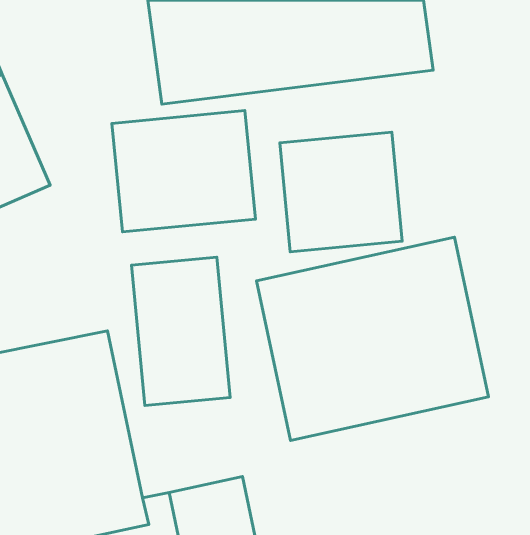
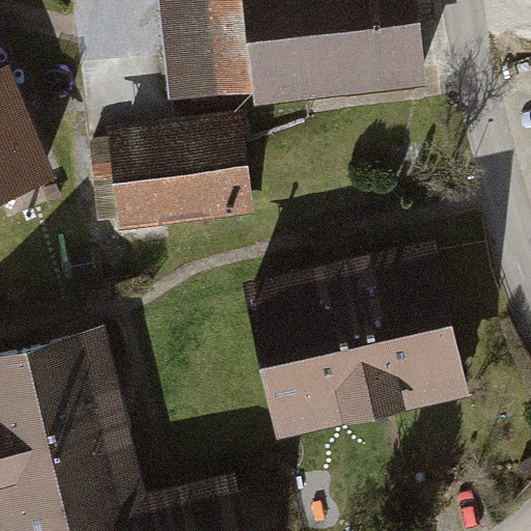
building: [280,132,402,252] -> none
building: [131,257,230,405] -> none

